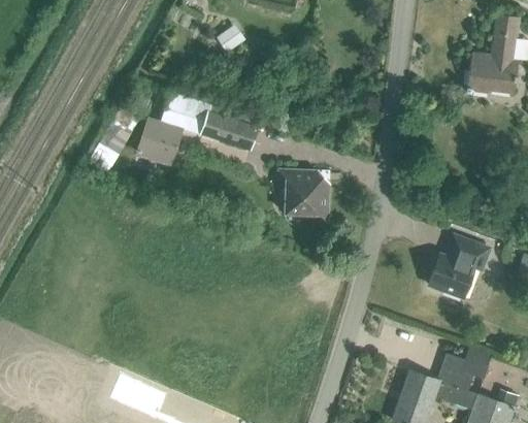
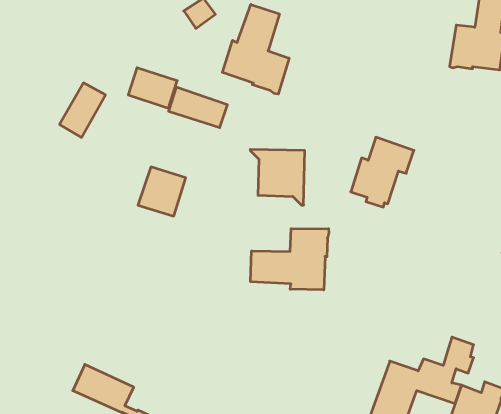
building: none -> [222,4,289,94]
building: [135,120,180,166] -> [138,167,186,216]
building: [429,233,489,299] -> [351,137,414,207]
building: none -> [251,229,329,290]

